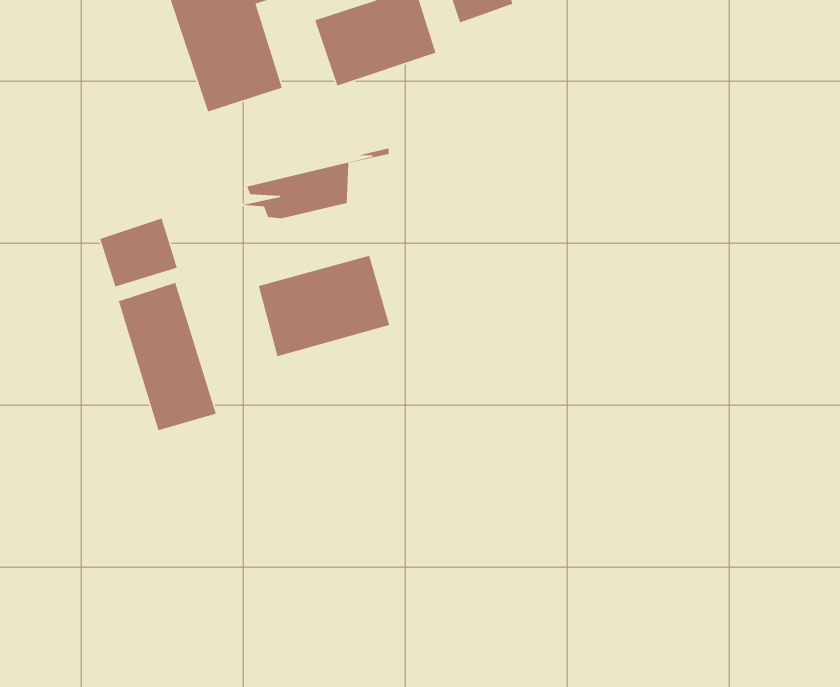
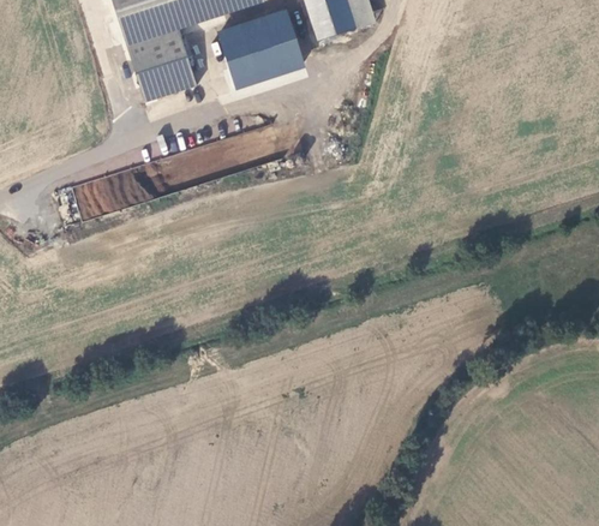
building: [258,255,390,357] -> none
building: [118,282,217,431] -> none

